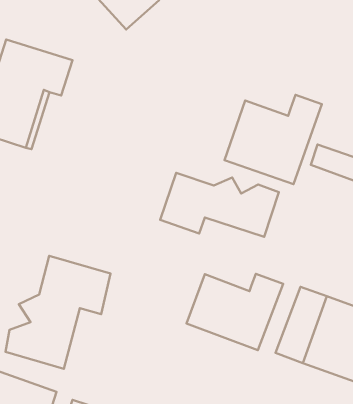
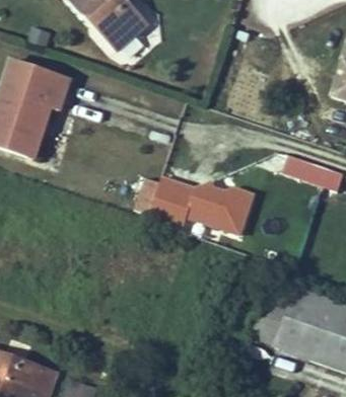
building: [225,95,322,184] -> none
building: [5,256,111,369] -> none
building: [187,274,283,350] -> none

